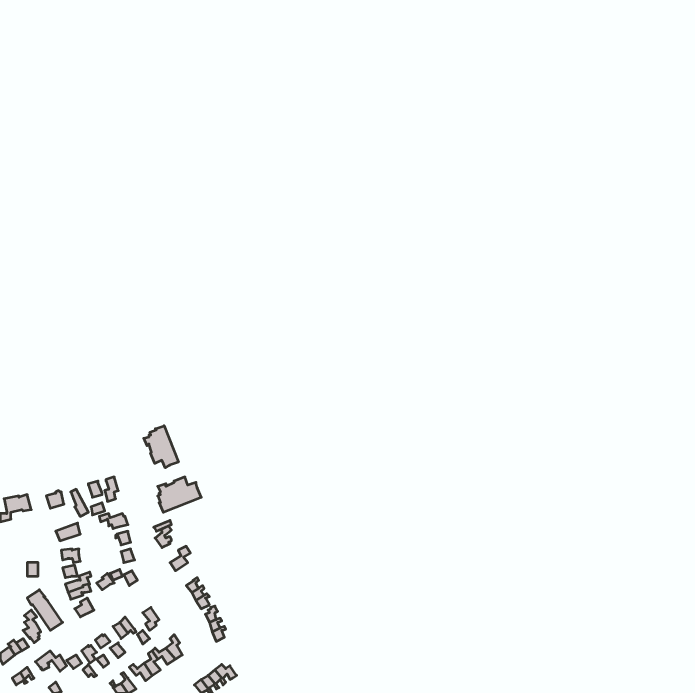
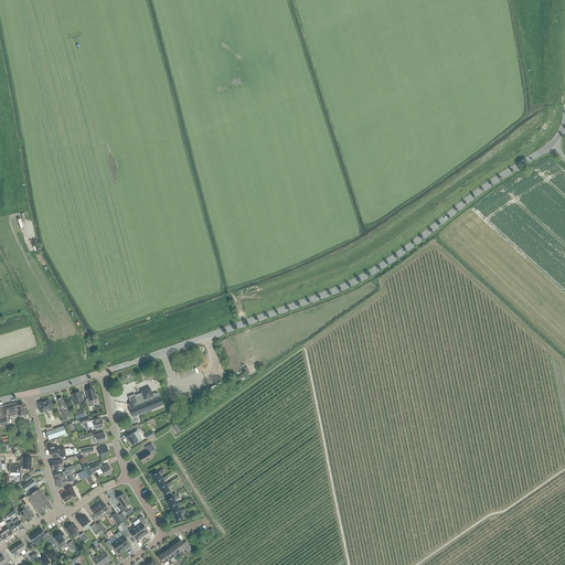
building: [144,426,178,468] -> none

